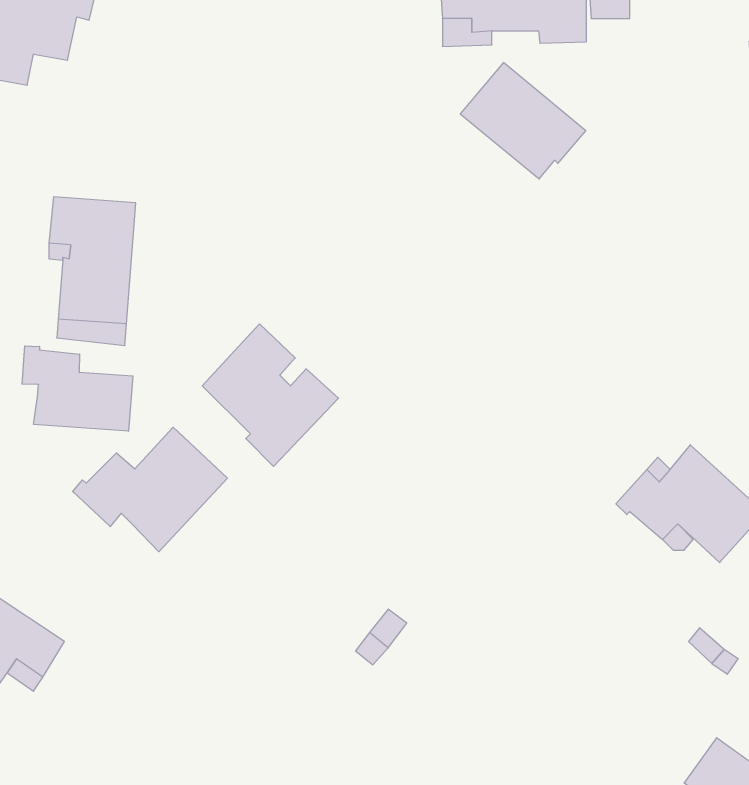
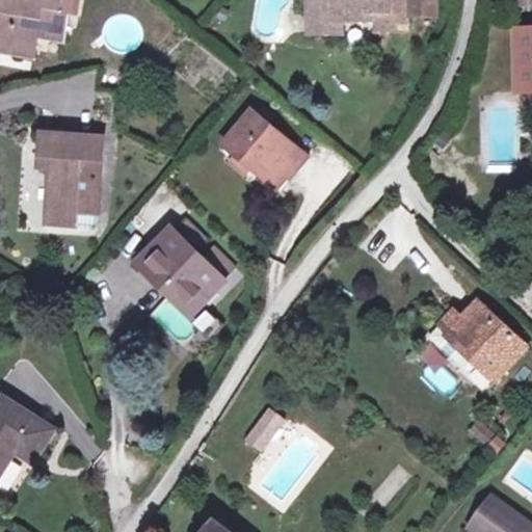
building: [460,63,586,179] -> [224,109,309,187]
building: [22,346,133,431] -> none
building: [73,427,227,552] -> none

